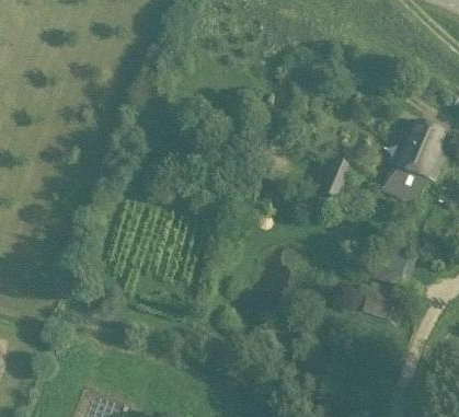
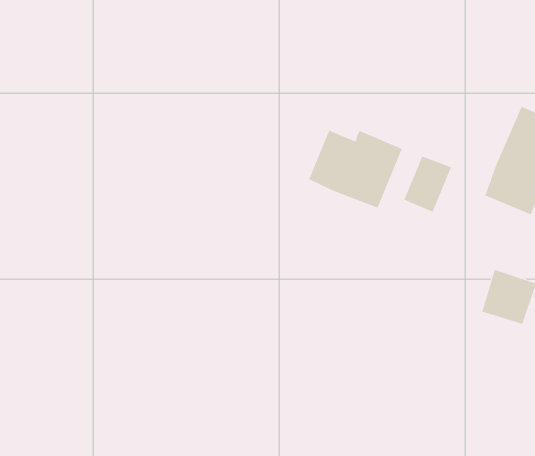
building: none -> [309,130,402,209]

